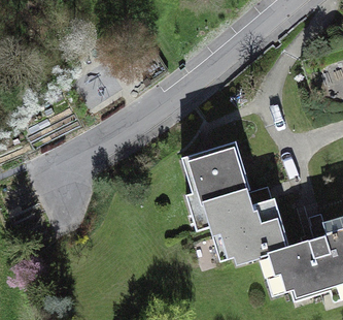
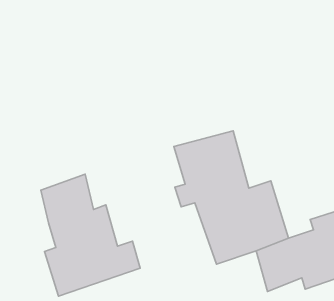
building: none -> [41,174,140,296]

